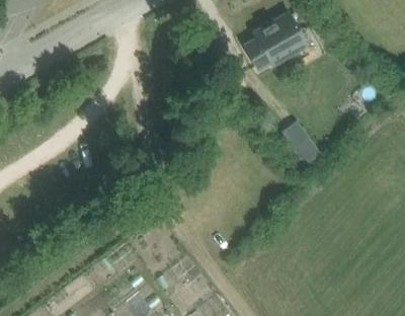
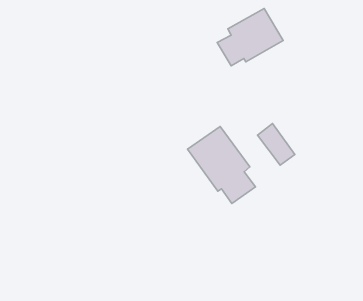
building: none -> [188,127,256,204]

